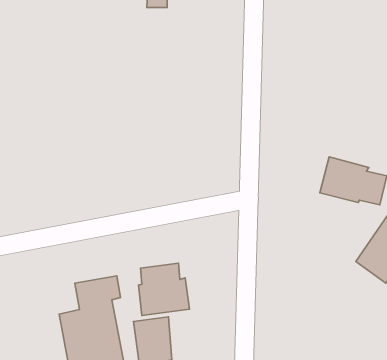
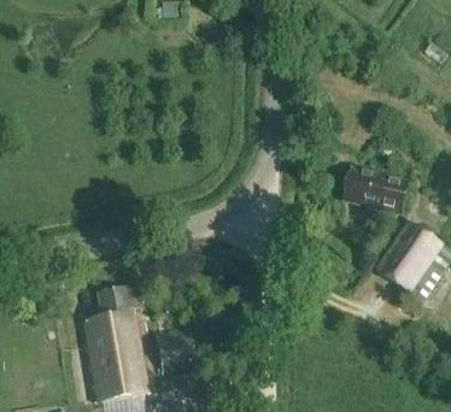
building: [138,263,190,316] -> none

